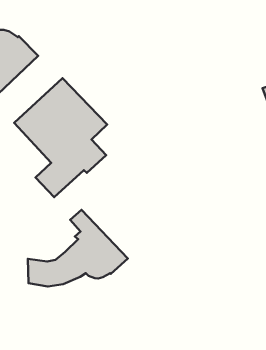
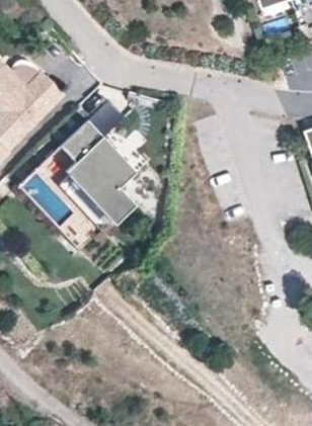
building: [28,210,128,287] -> none

